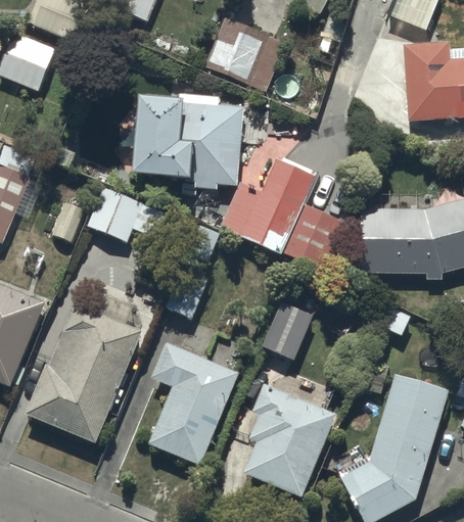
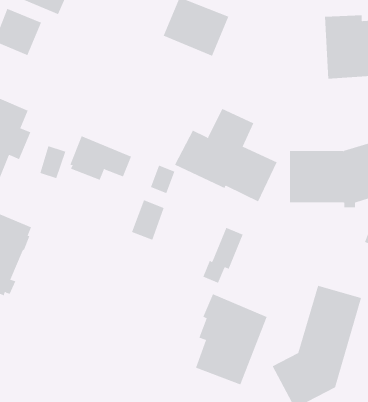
building: [133,93,242,190] -> none
building: [25,291,142,442] -> none
building: [149,343,238,464] -> none

